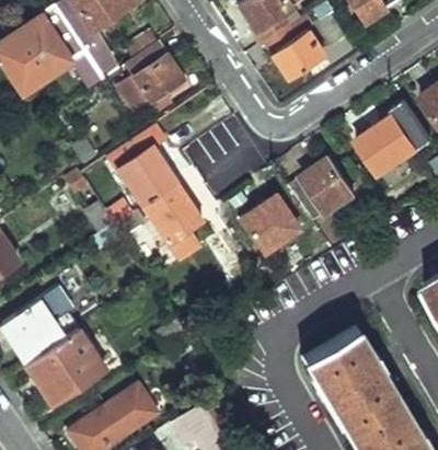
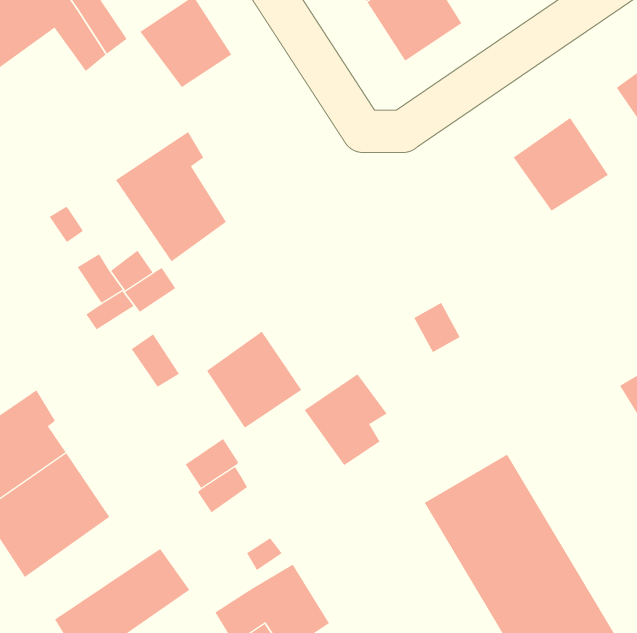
building: [291,160,353,222] -> none
building: [143,182,204,243] -> [206,331,302,428]
building: [240,197,292,255] -> [304,374,388,466]

